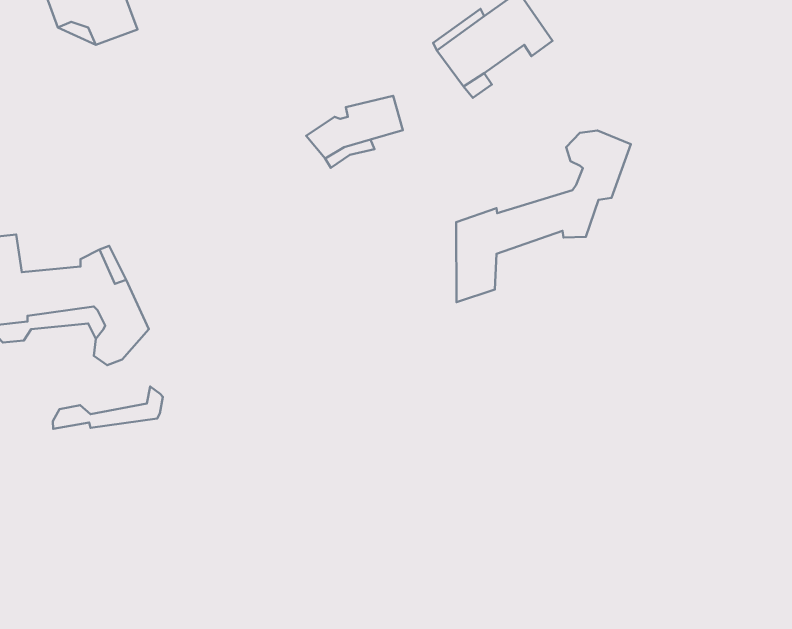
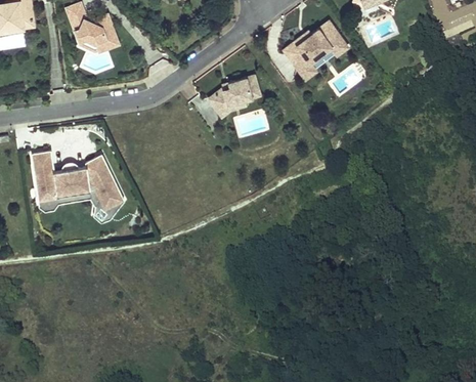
building: [456,130,631,302] -> none
building: [53,387,163,429] -> none

